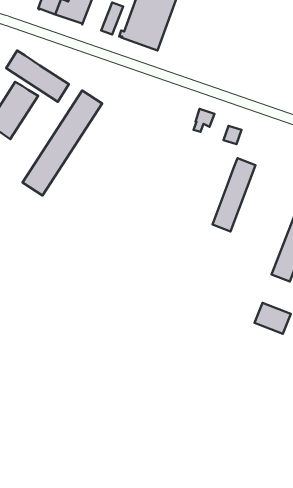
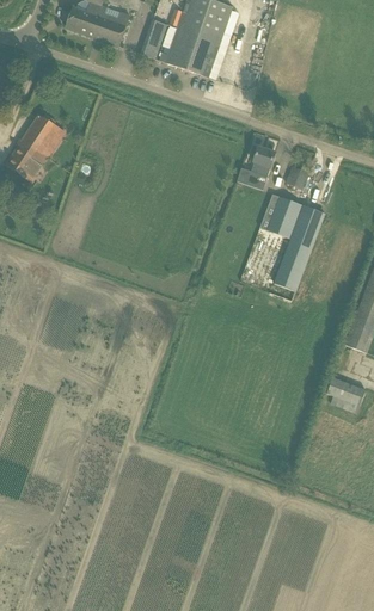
building: [6,51,69,102] -> none
building: [22,91,102,196] -> none
building: none -> [259,192,299,239]

